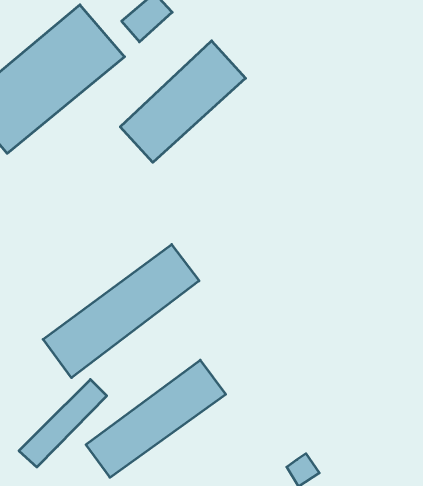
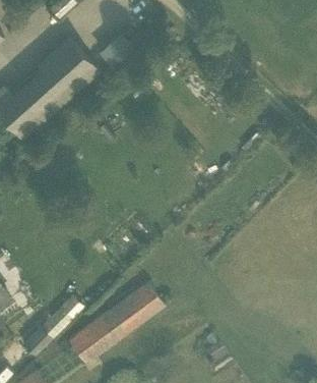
building: [120,41,246,162] -> none
building: [43,244,199,378] -> none

